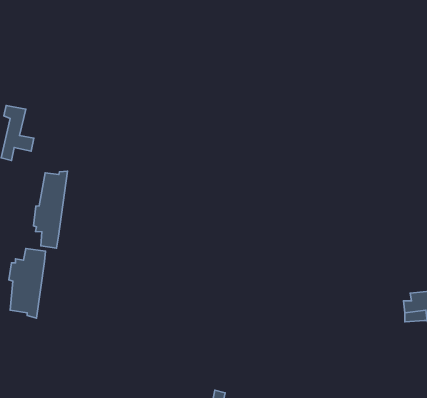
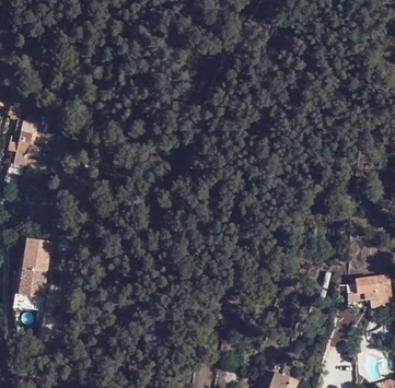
building: [33,171,67,248] -> none

